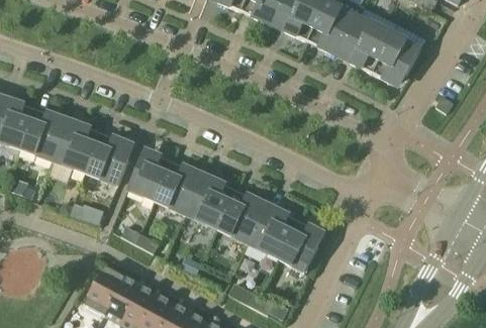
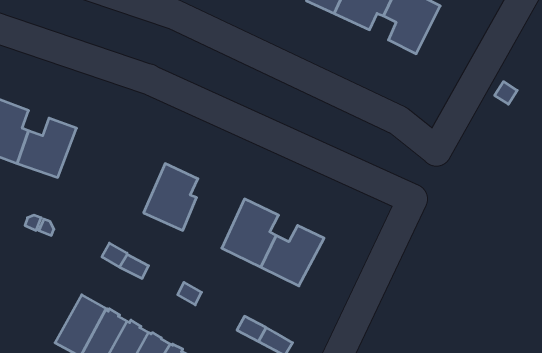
building: [373,34,420,84] -> none
building: [86,132,129,186] -> none
building: [127,151,172,200] -> none
building: [186,180,235,228] -> none
building: [279,220,319,271] -> none

